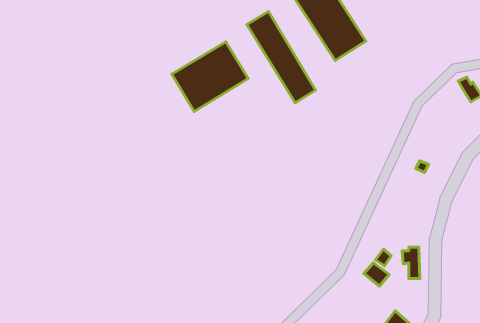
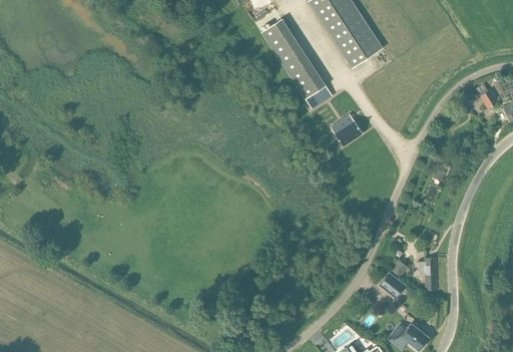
building: [172,42,248,112] -> none
building: none -> [331,120,364,146]

